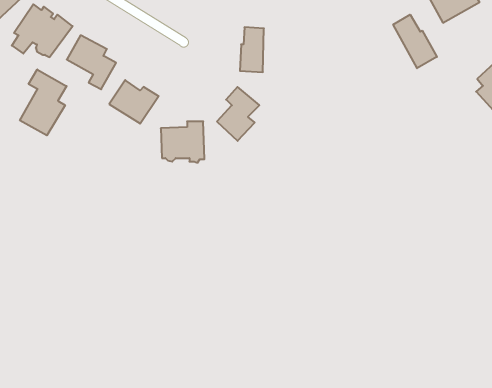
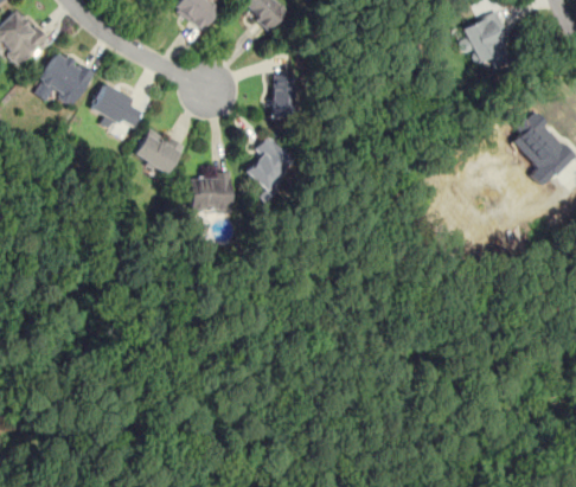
building: [393,15,437,68] -> none
building: [20,69,67,135] -> none

